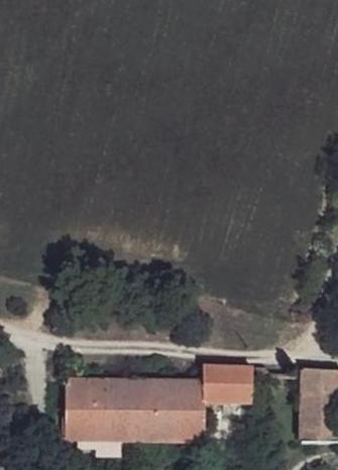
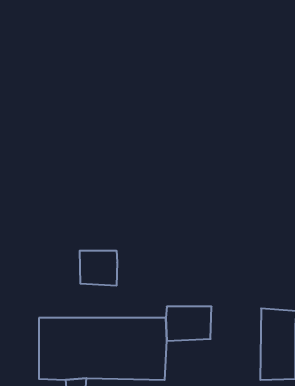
building: none -> [80,251,117,286]

